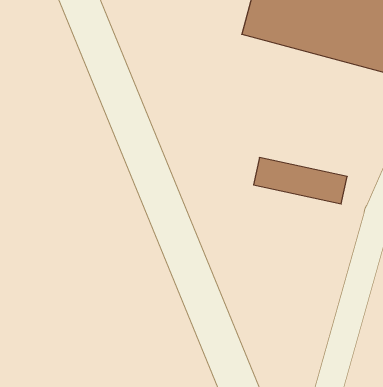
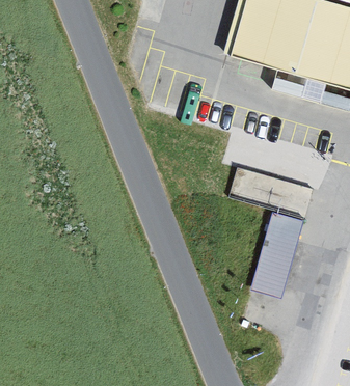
building: none -> [250,212,306,295]

